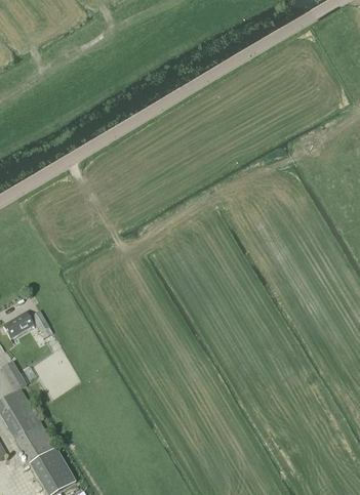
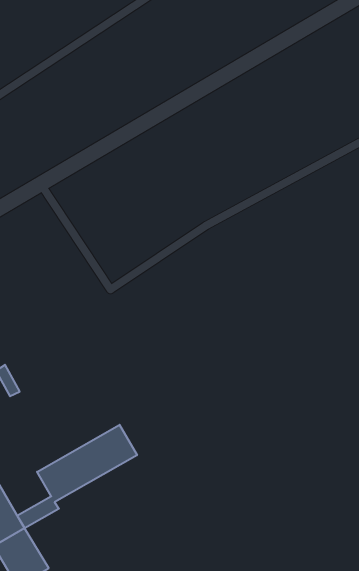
building: none -> [17,425,137,528]

